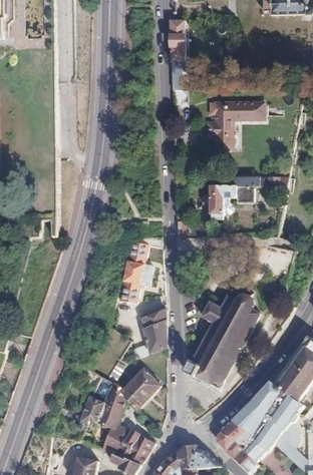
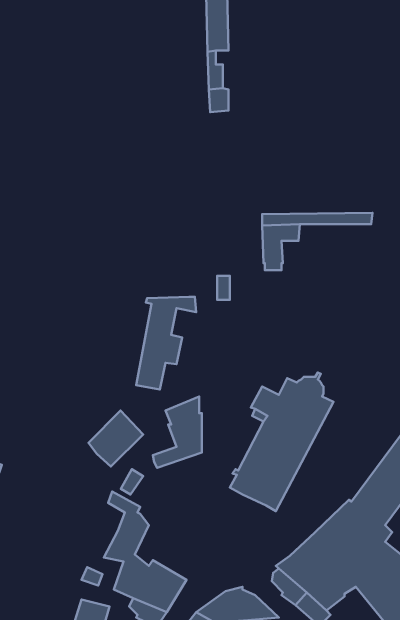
building: [207,102,262,149] -> none
building: [121,369,161,409] -> [88,411,143,467]
building: [79,399,105,425] -> none

